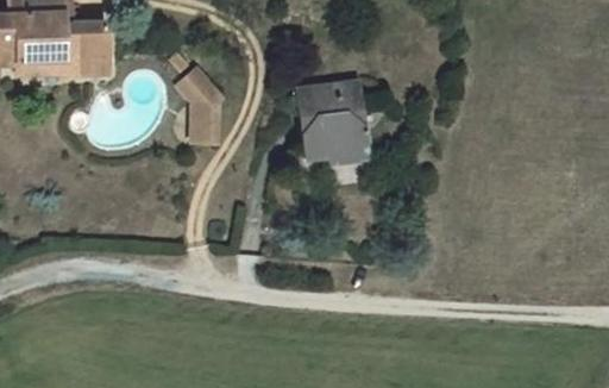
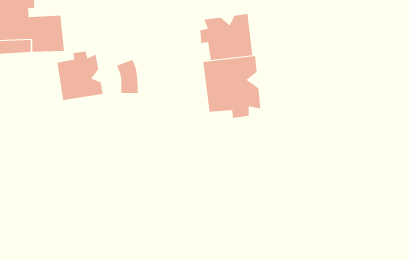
building: none -> [200,13,253,61]
building: none -> [57,51,103,101]

